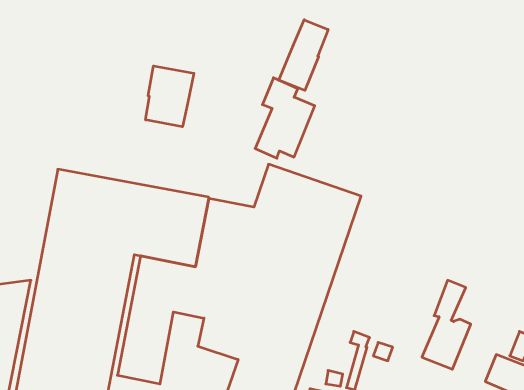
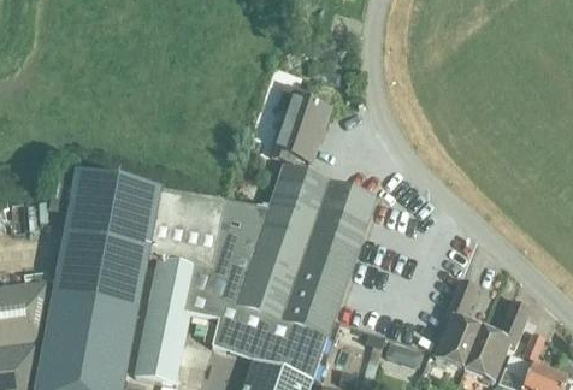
building: [279,20,328,90] -> none
building: [146,66,194,127] -> none
building: none -> [465,302,530,380]

